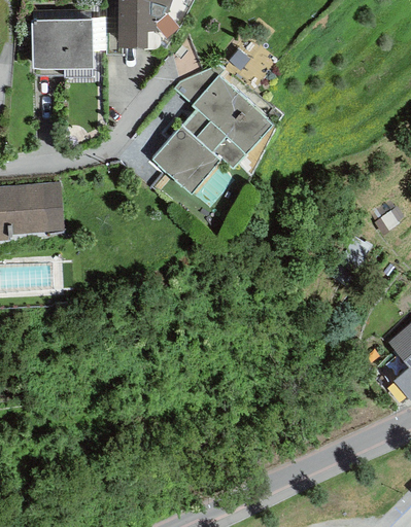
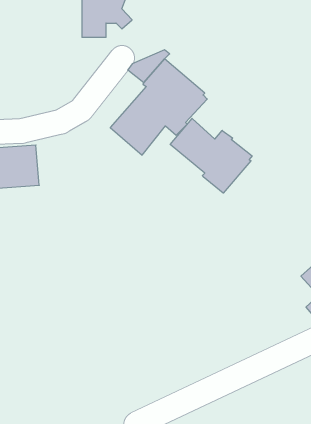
building: [31,20,93,69] -> none
building: none -> [170,118,252,193]

